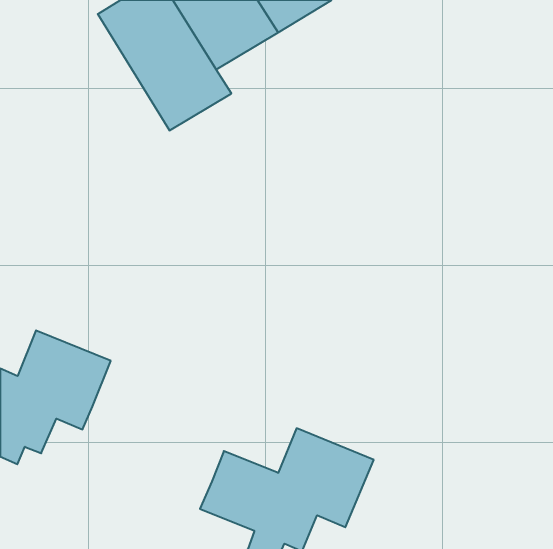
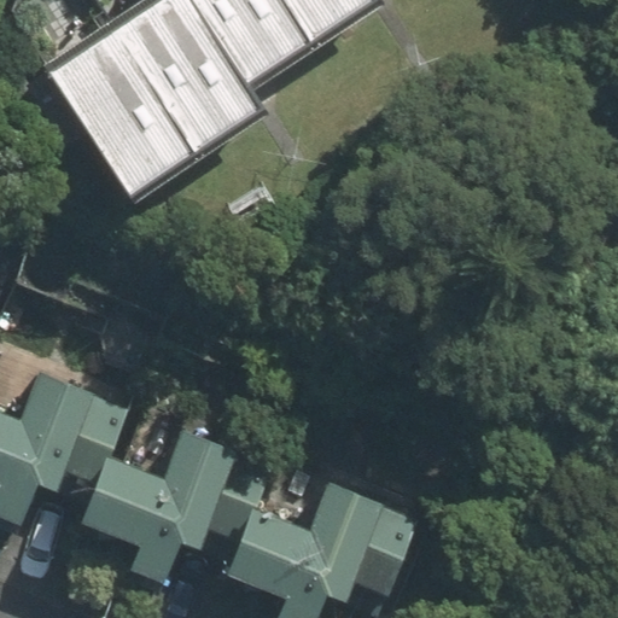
building: none -> [43,23,191,194]
building: none -> [78,431,269,579]

